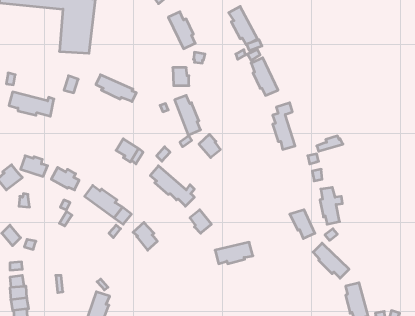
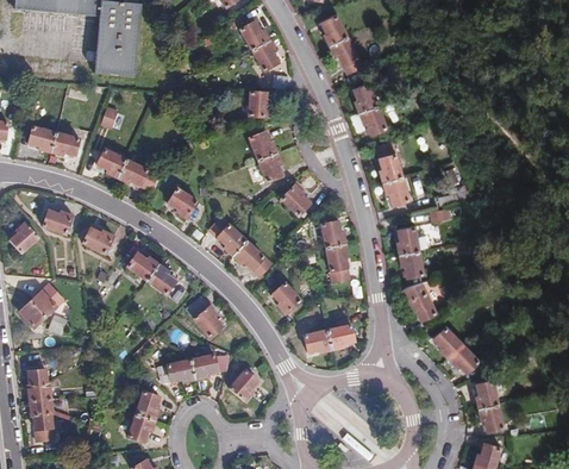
building: [96,75,136,102] -> [100,150,154,186]
building: none -> [317,221,344,277]
building: [320,187,342,224] -> [394,225,424,274]
building: none -> [29,288,61,319]
building: none -> [161,352,220,383]
building: none -> [230,368,260,407]

